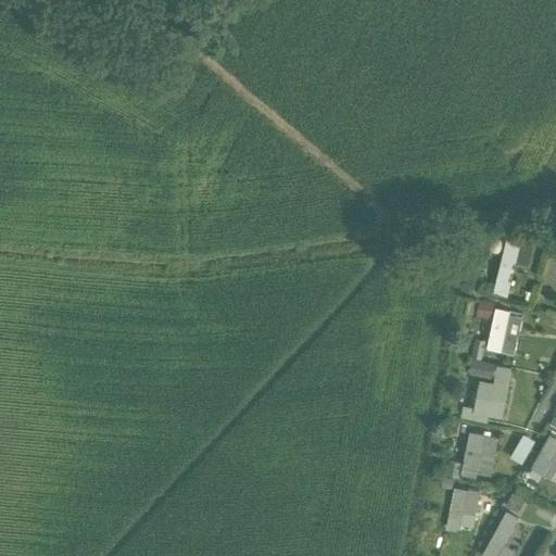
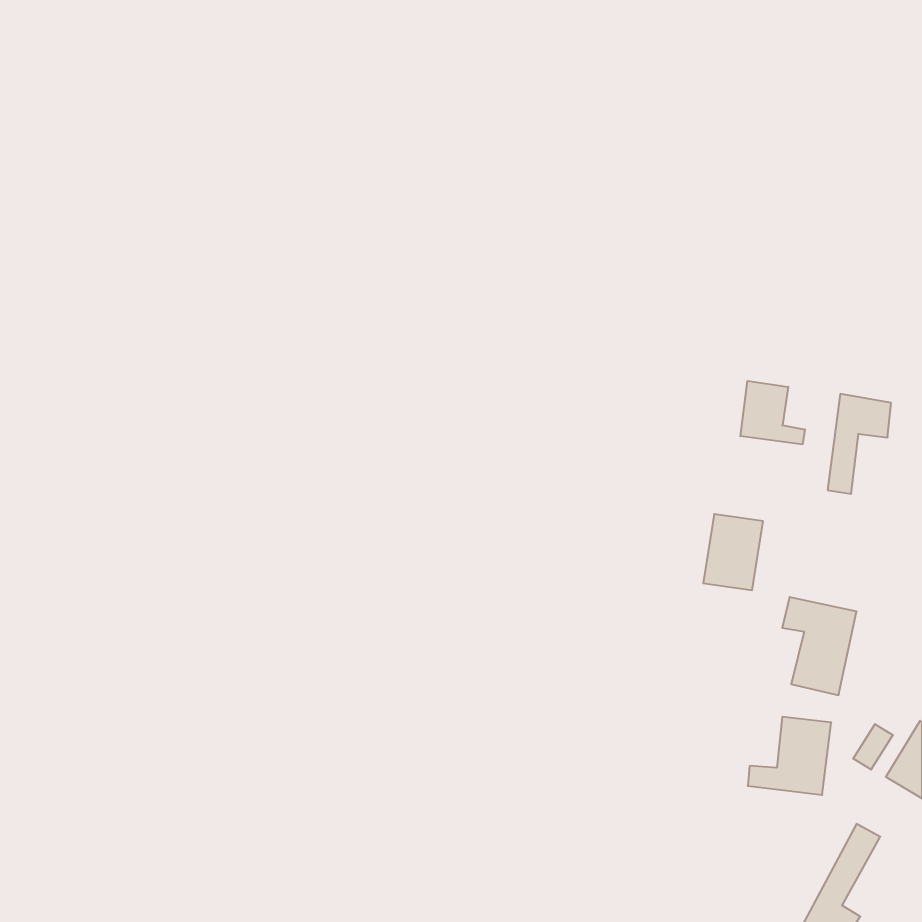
building: none -> [740,381,805,444]
building: [486,311,522,356] -> [703,514,763,590]
building: [444,486,481,535] -> none

